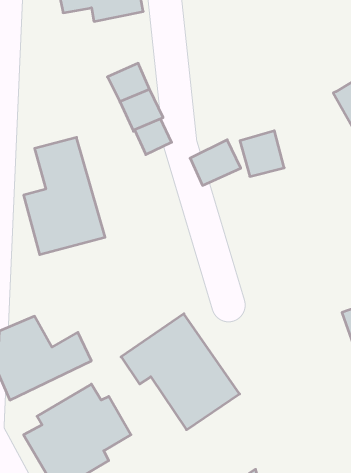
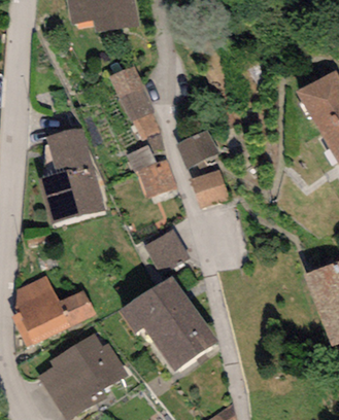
building: [240,131,284,176] -> [191,169,228,207]
building: none -> [135,157,177,201]
building: none -> [143,227,188,272]

